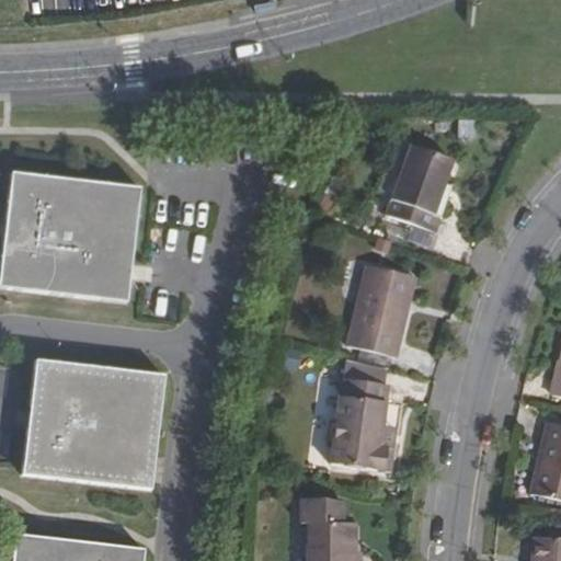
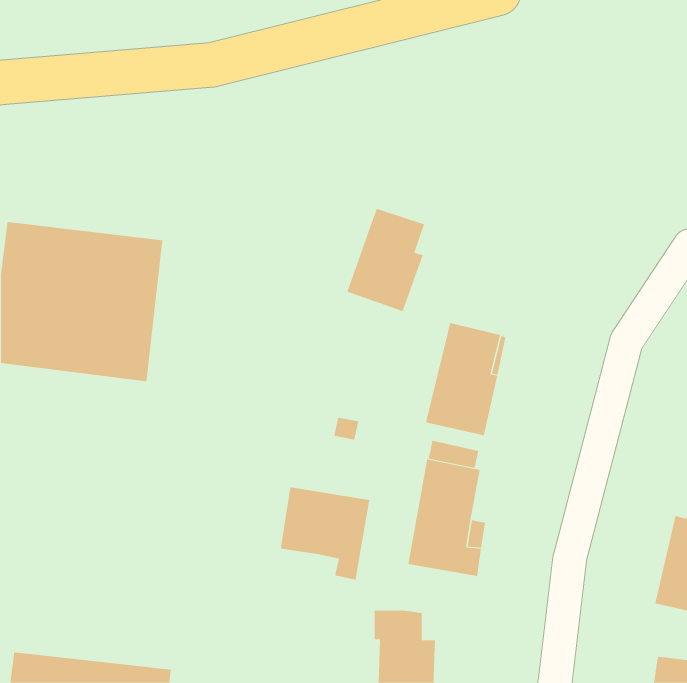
building: [388,144,451,228] -> [346,208,425,312]
building: [23,369,163,497] -> none
building: none -> [280,486,370,581]

